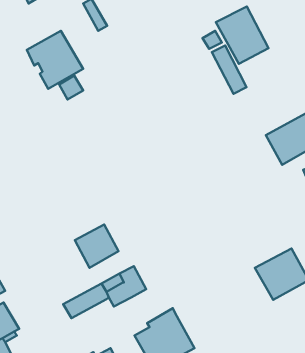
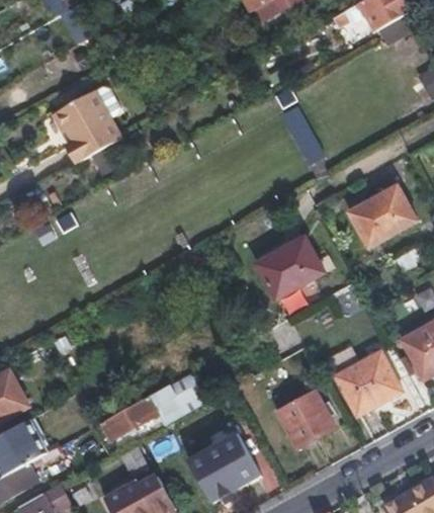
building: [216,6,269,64] -> none
building: none -> [257,240,324,302]
building: [75,225,119,268] -> none
building: none -> [276,392,334,448]

